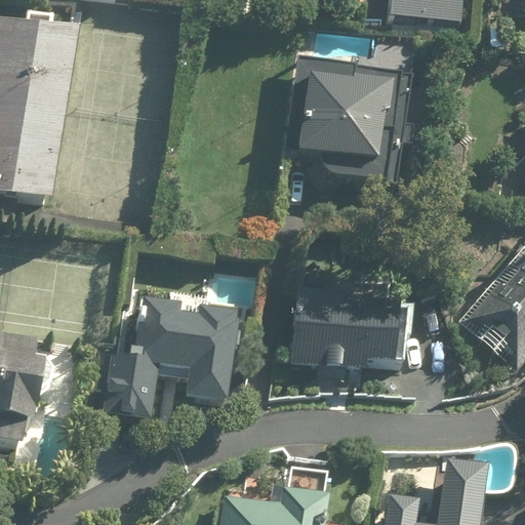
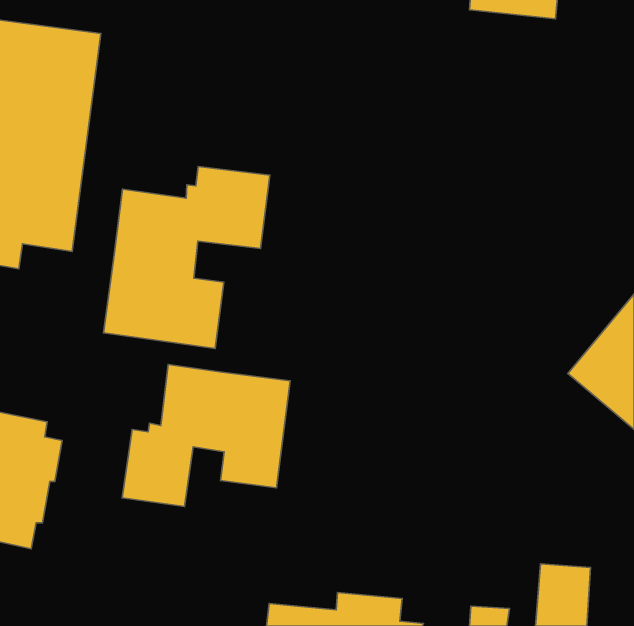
building: [280,54,404,190] -> none
building: none -> [103,167,270,348]
building: [288,271,402,370] -> none

